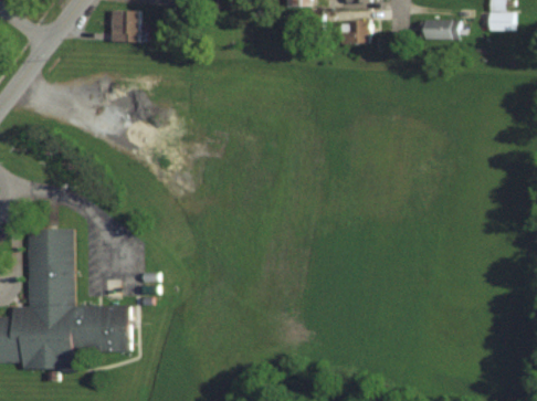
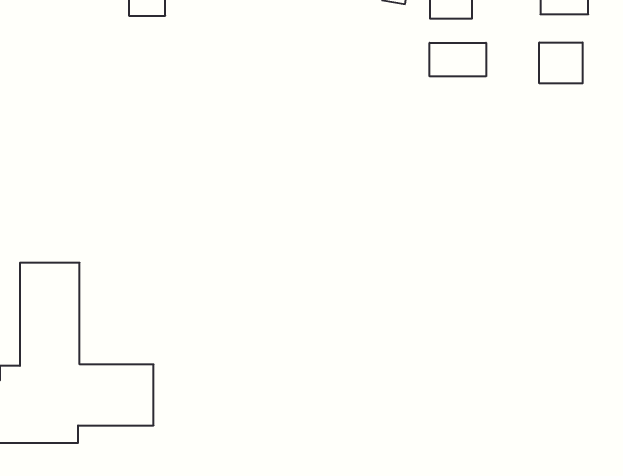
building: none -> [539,42,583,83]
building: none -> [430,43,486,76]

